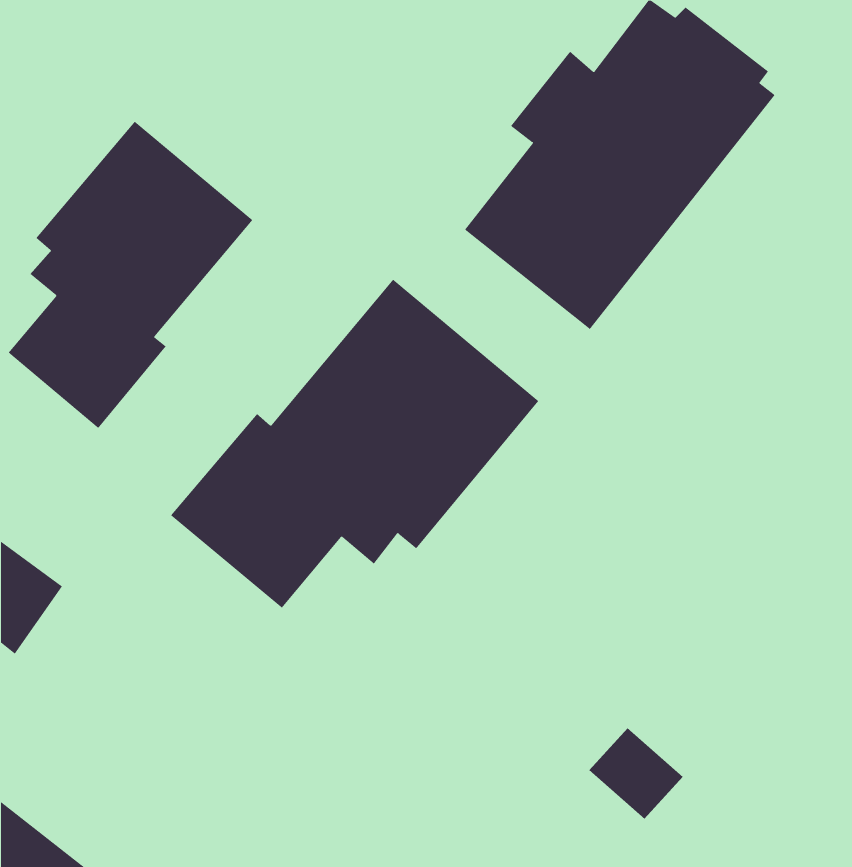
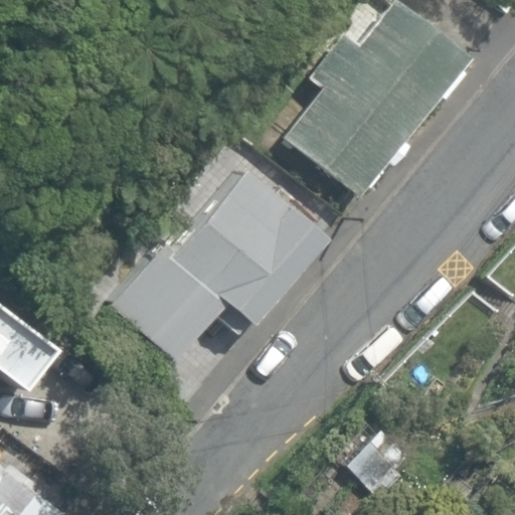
building: [8,121,253,429] -> none

